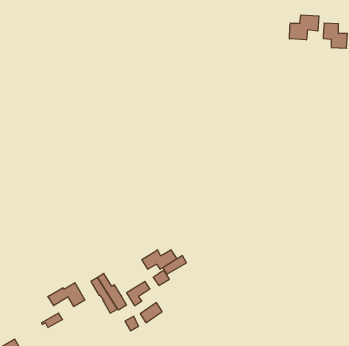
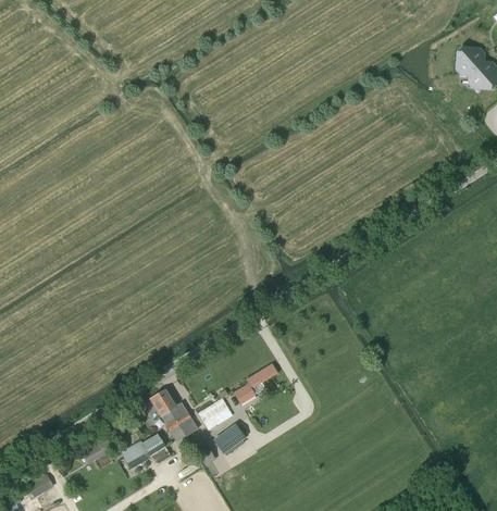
building: [289,15,319,40] -> none
building: [142,250,177,269] -> none
building: [48,283,85,306] -> [120,434,170,465]

